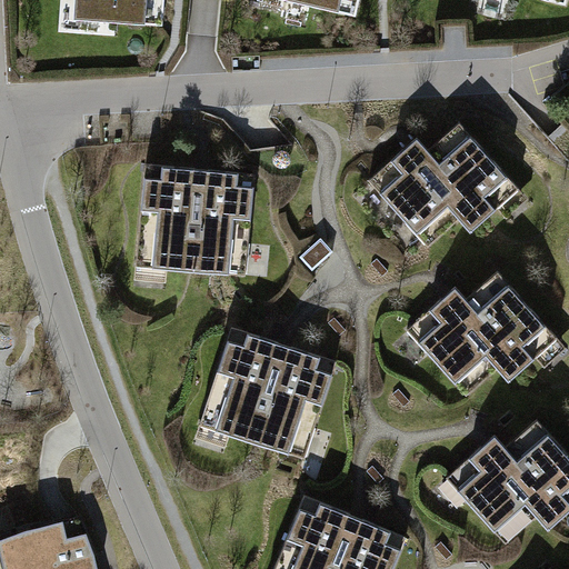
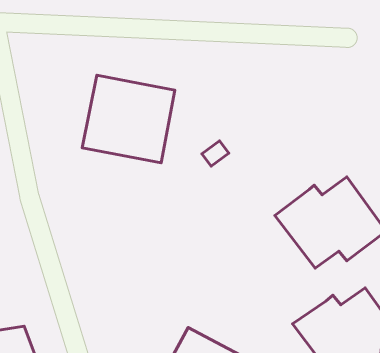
building: [367,120,517,246] -> none
building: [197,328,335,459] -> none

